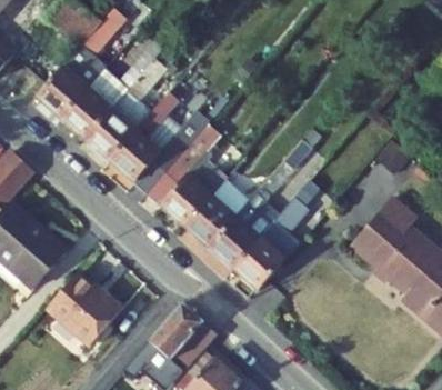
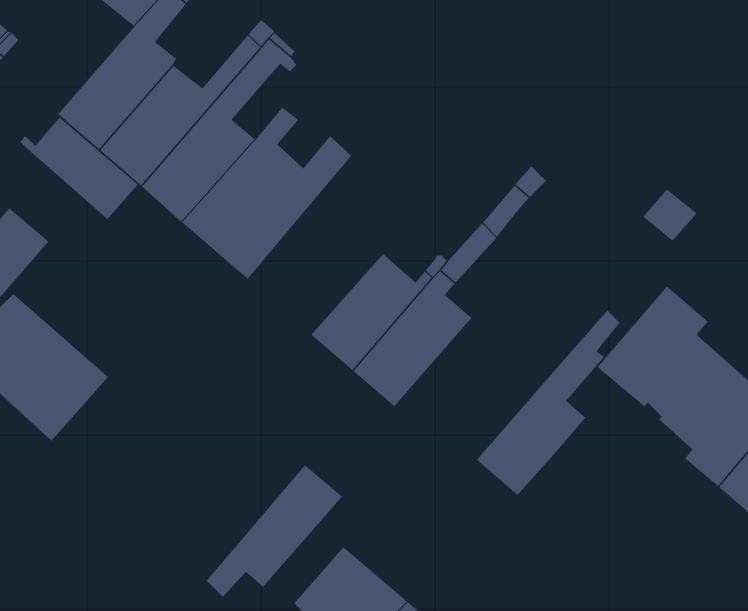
building: none -> [19,117,139,220]
building: [148,123,227,227] -> none
building: [233,181,318,290] -> [476,309,620,496]
building: [47,273,122,346] -> none

